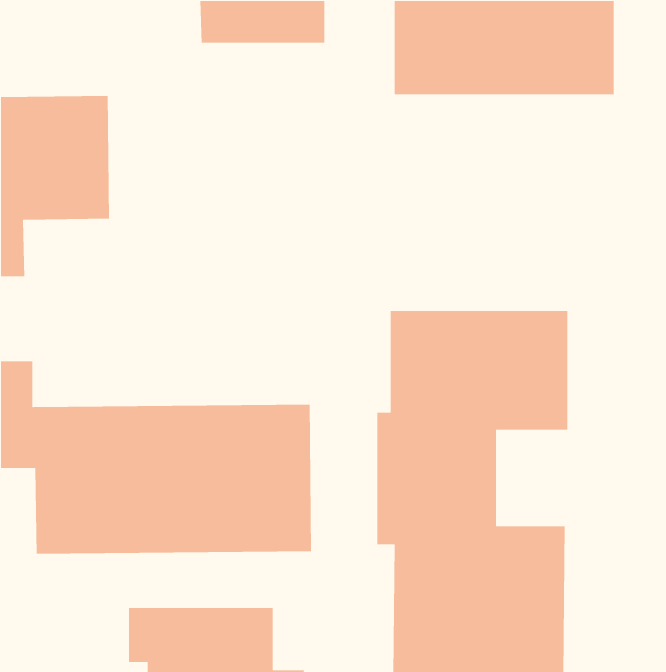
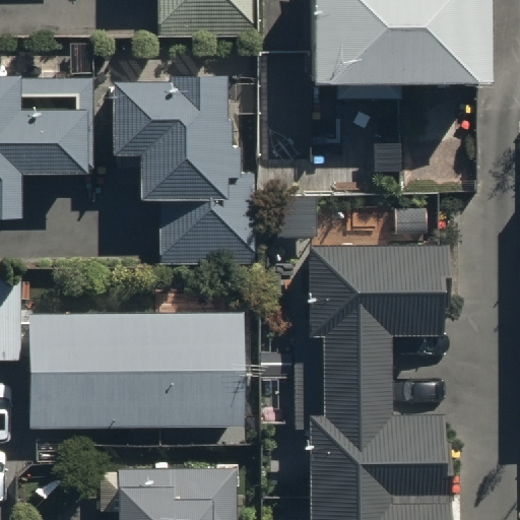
building: none -> [115,74,257,266]

